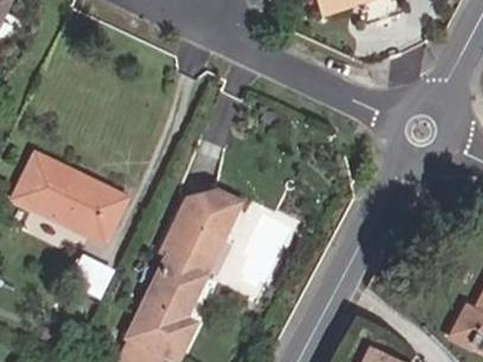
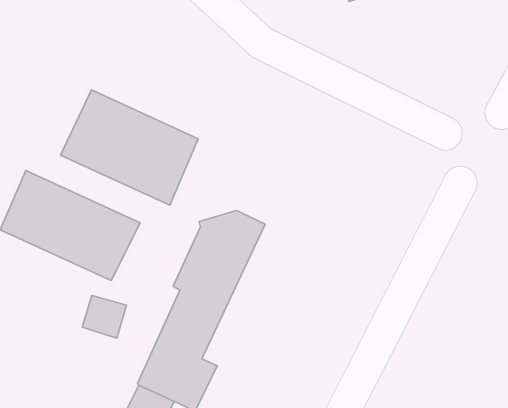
building: none -> [61,90,198,205]

